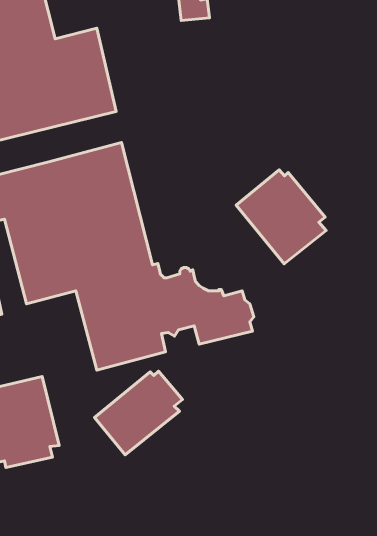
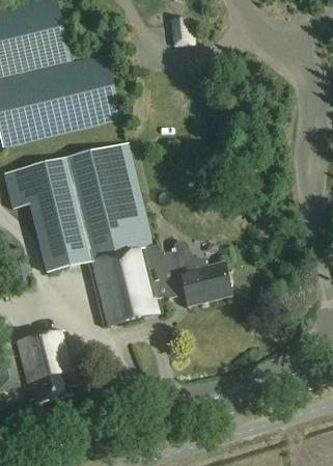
building: [236,170,326,264] -> none
building: [94,371,183,455] -> none

